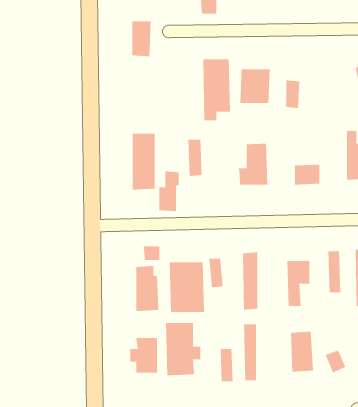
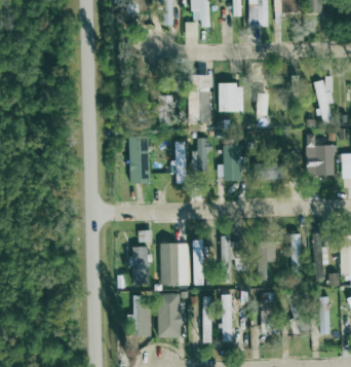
building: [132,21,151,57] -> [158,96,174,125]
building: [158,171,179,212] -> [192,138,209,172]

